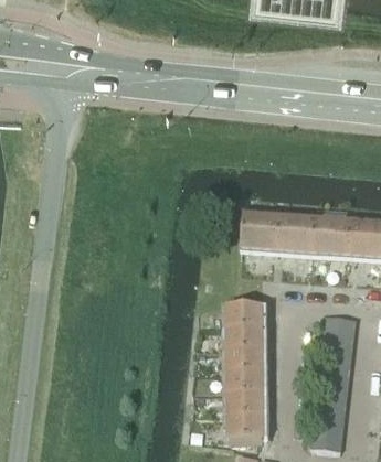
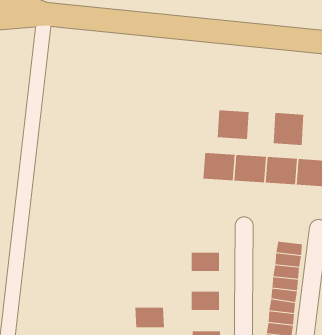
building: none -> [217,110,249,140]
building: none -> [273,112,304,146]
building: [229,307,262,330] -> none
building: [229,352,262,374] -> none
building: [229,396,263,419] -> [135,307,165,328]

